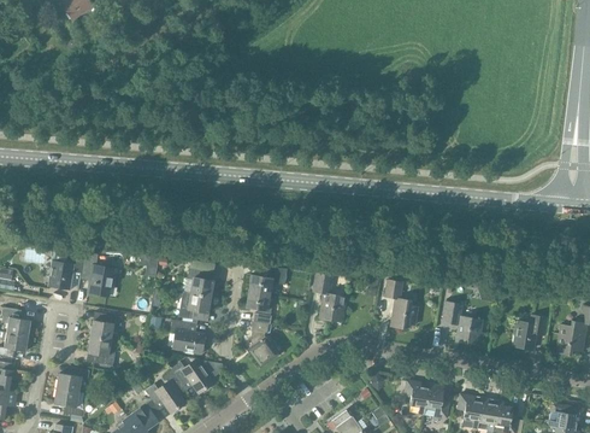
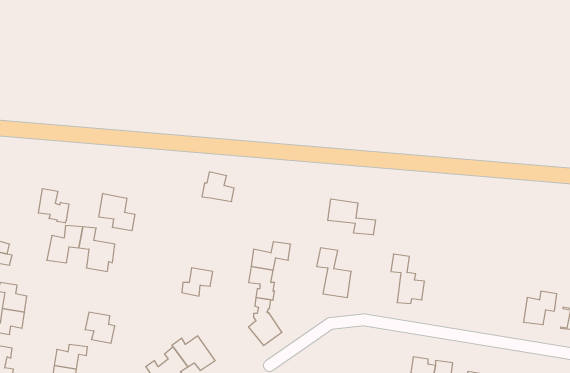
building: none -> [38,189,69,223]
building: none -> [99,193,135,231]
building: none -> [328,199,375,235]
building: [182,267,213,296] -> [202,172,234,202]
building: [442,300,482,343] -> none
building: [90,312,120,339] -> none
building: [170,318,205,353] -> none

